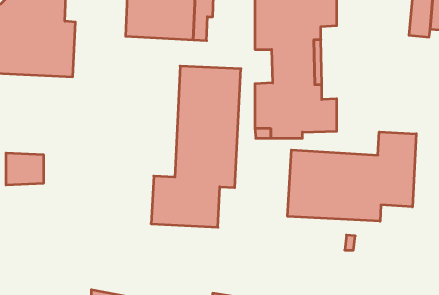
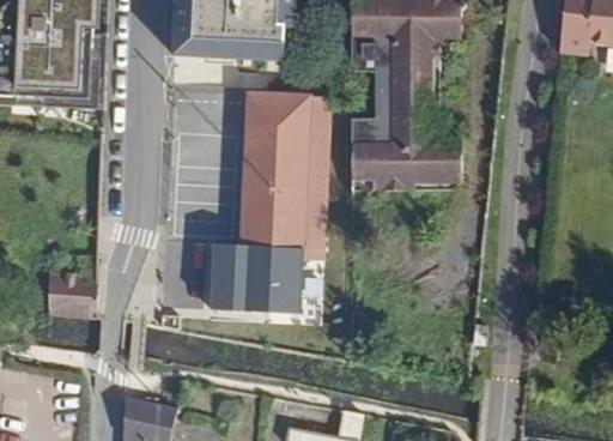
building: [288,132,416,221] -> none
building: [6,153,44,185] -> [47,276,98,319]

